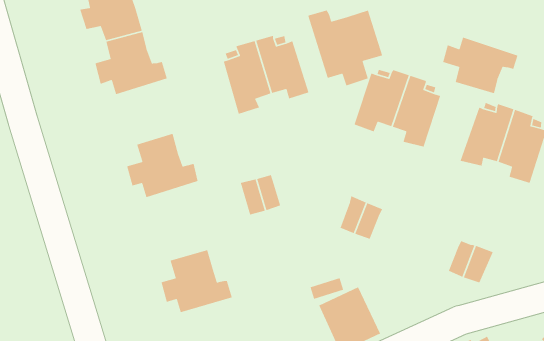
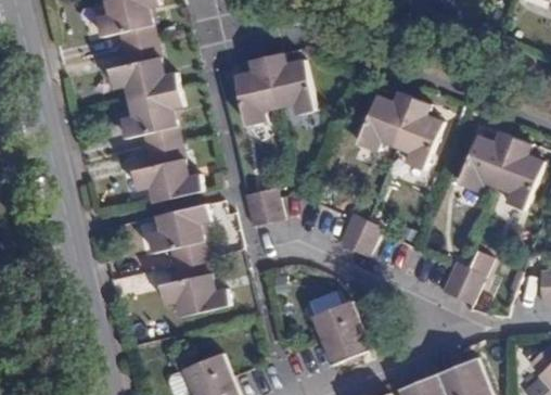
building: [307,9,383,86] -> none
building: [442,36,519,94] -> none
building: none -> [119,88,182,150]
building: none -> [148,203,209,265]

